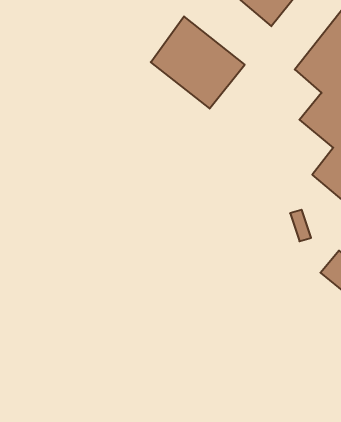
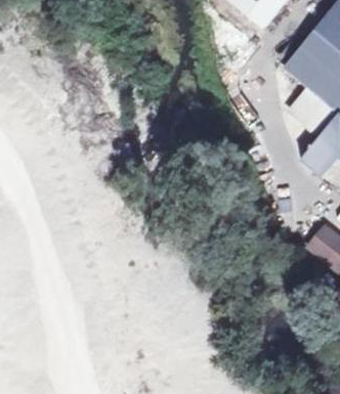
building: [151,16,245,109] -> none

